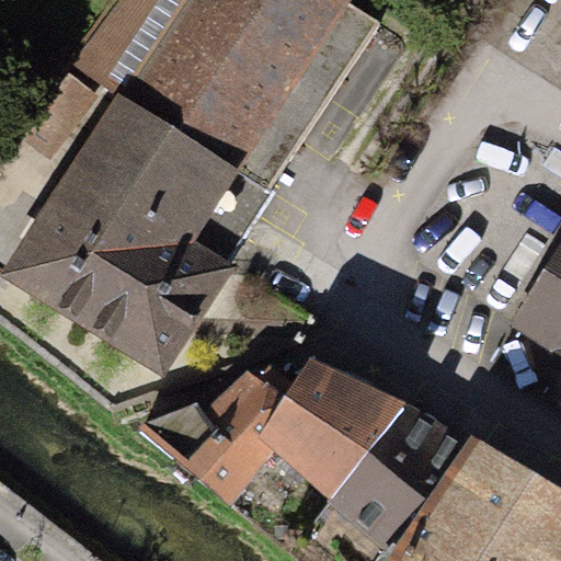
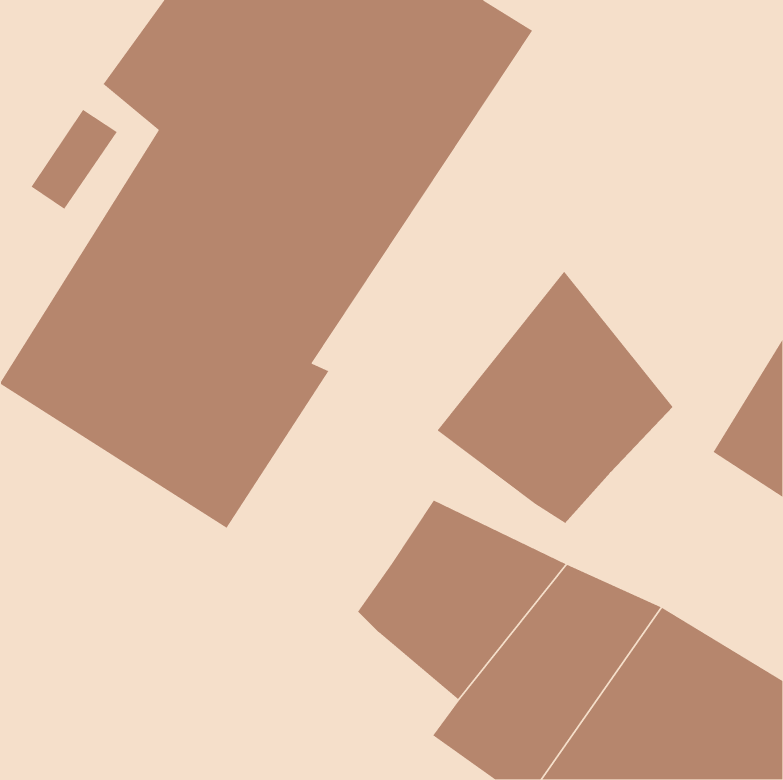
building: none -> [436,270,673,524]
building: [135,374,279,506] -> none

